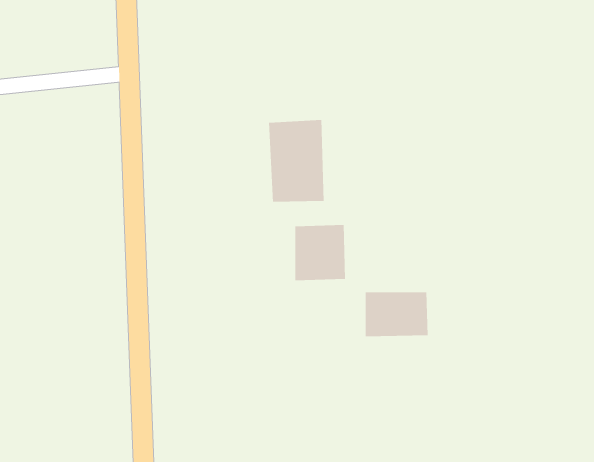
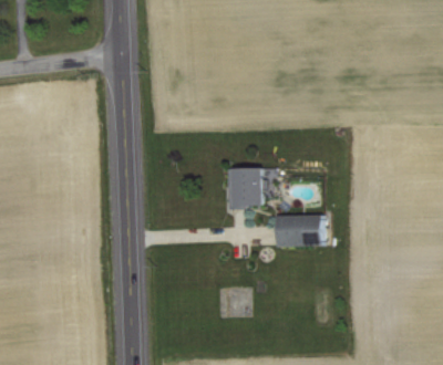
building: [268,119,324,202] -> none

